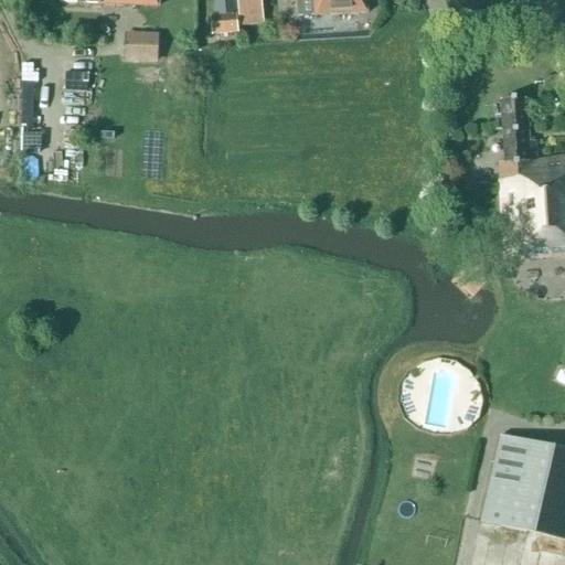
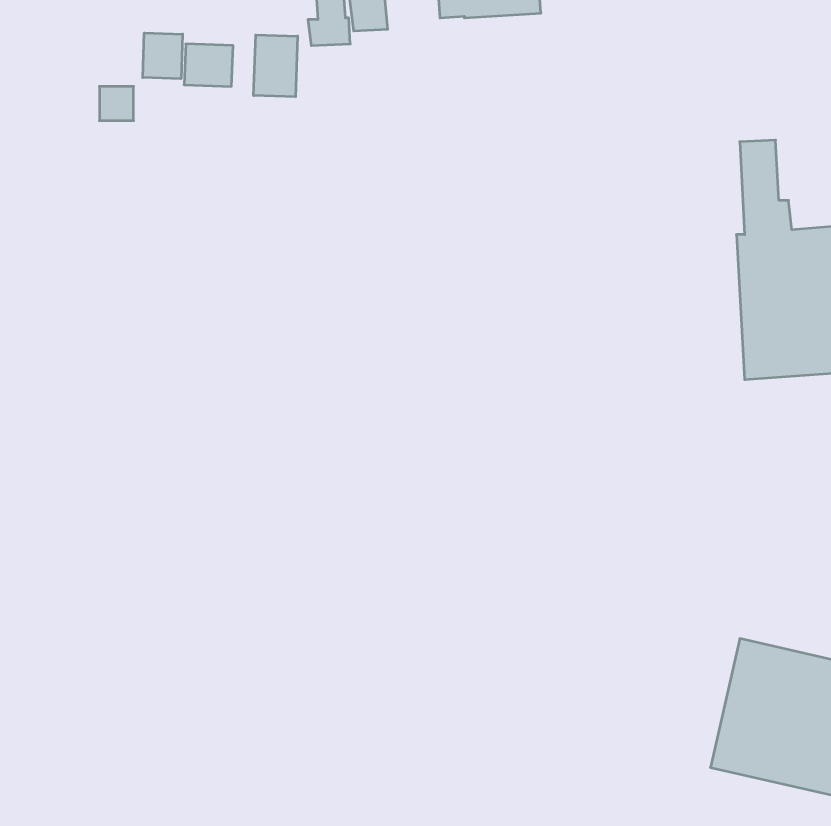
building: none -> [143,33,183,79]
building: none -> [254,35,298,97]

